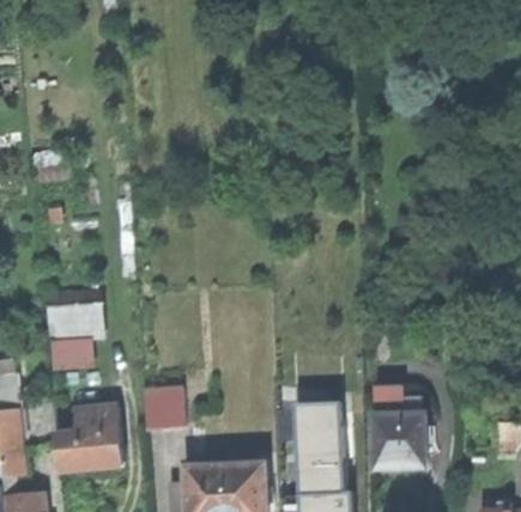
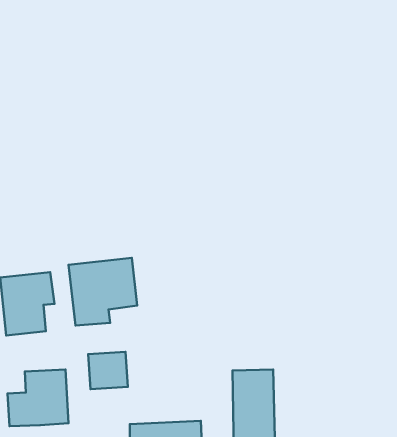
building: none -> [69,258,137,326]
building: [374,397,424,467] -> none

